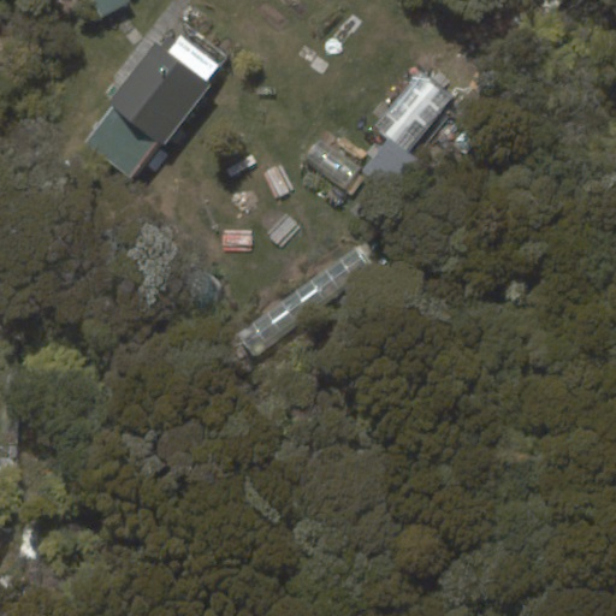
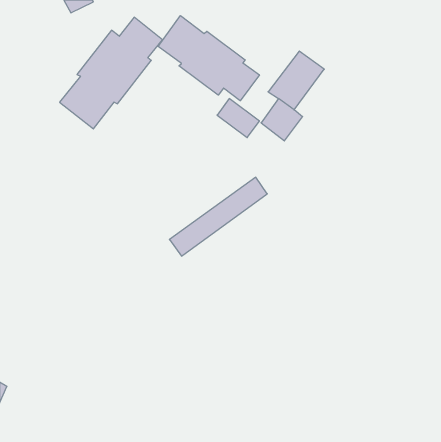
building: none -> [158,16,259,101]

